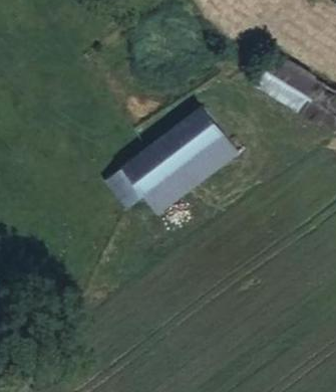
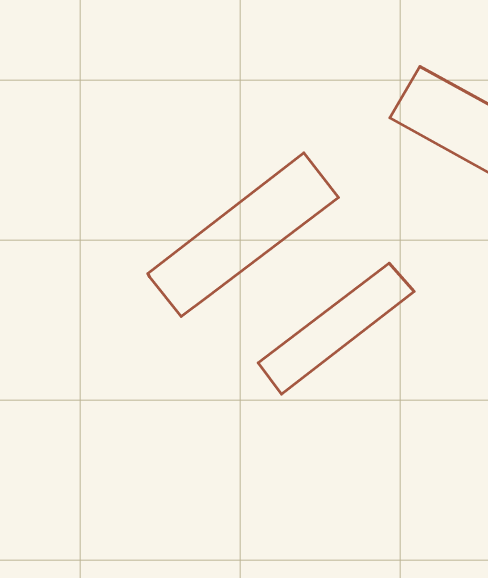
building: [141,134,236,213] -> [258,263,414,394]

